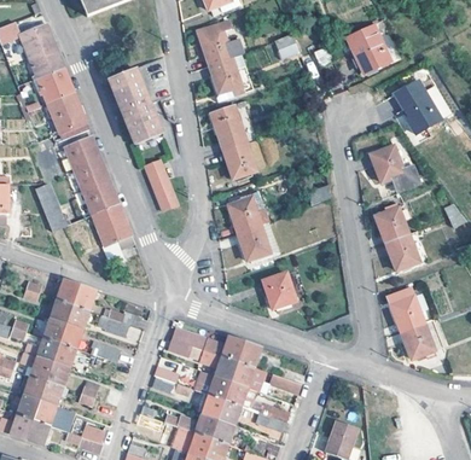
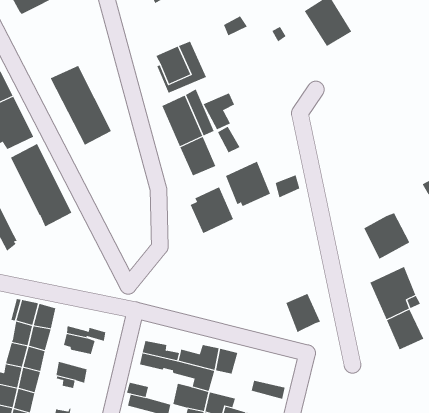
building: [197,21,243,65] -> none
building: [397,88,448,141] -> none
building: none -> [203,92,235,130]
building: [368,145,418,187] -> none
building: [143,157,178,209] -> none
building: [374,202,408,243] -> none
building: [91,204,134,264] -> none
building: [237,223,278,264] -> [225,161,271,207]
building: [263,273,295,309] -> [285,293,321,333]
building: [229,362,264,391] -> none

